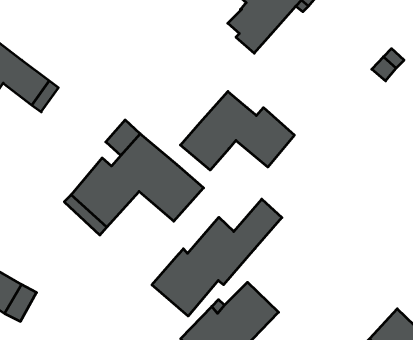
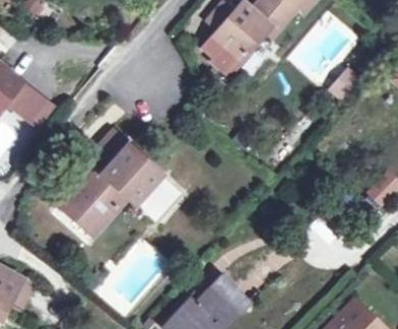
building: [180,91,294,170] -> none
building: [152,199,282,316] -> none

